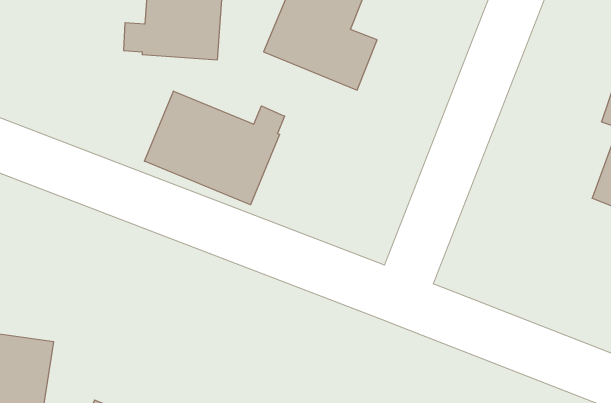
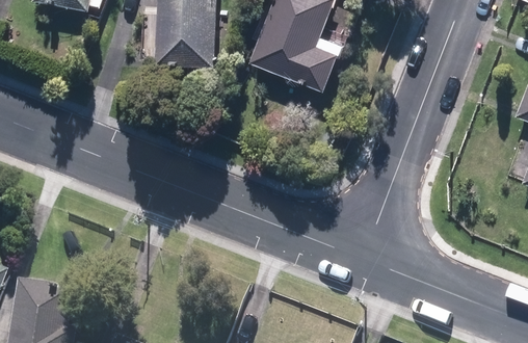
building: [144,91,285,205] -> none

